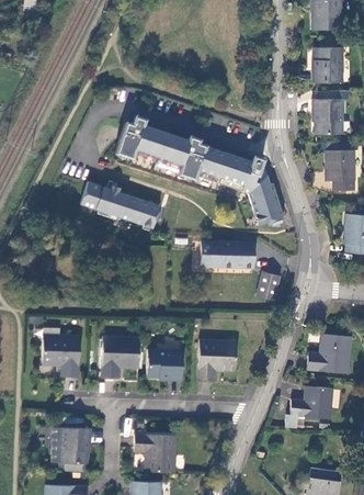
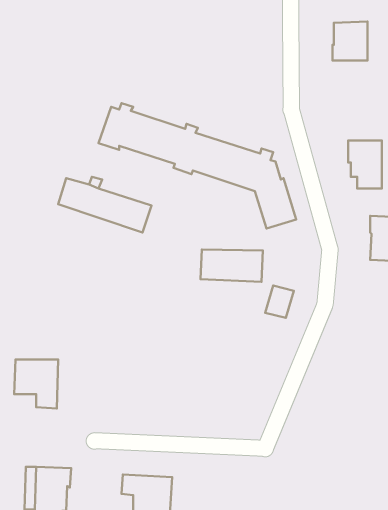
building: [312,98,343,133] -> none
building: [307,333,353,372] -> none
building: [102,337,140,378] -> none
building: [198,338,237,382] -> none
building: [148,349,183,380] -> none
building: [285,386,333,427] -> none

